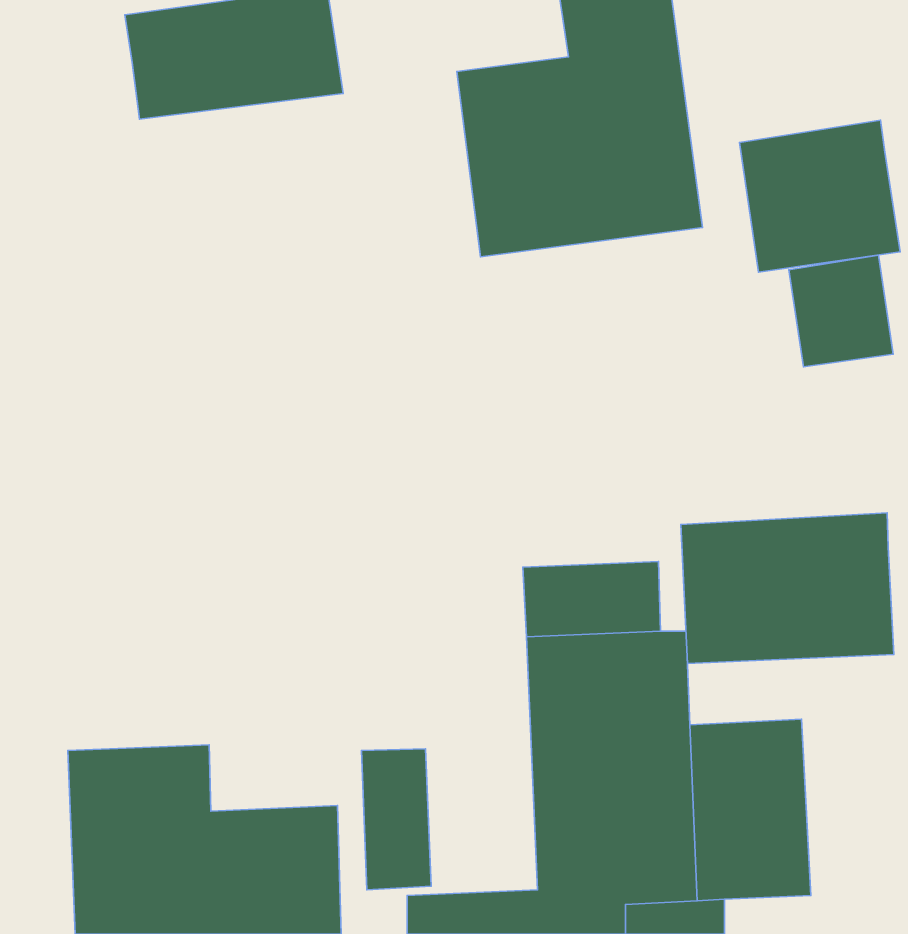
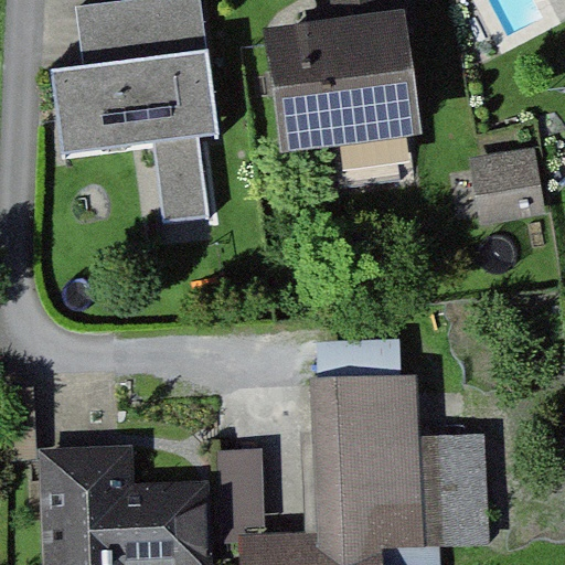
building: none -> [53,56,217,223]
building: [740,120,900,272] -> none
building: [681,513,894,664] -> none

